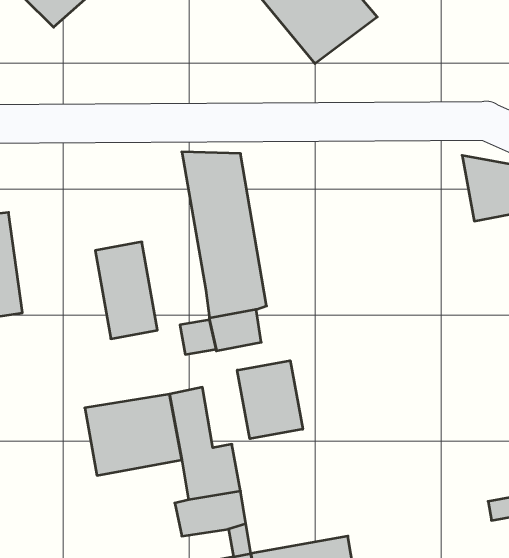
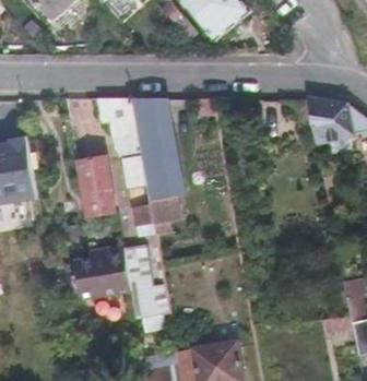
building: none -> [96,97,146,188]
building: [237,361,303,439] -> none

